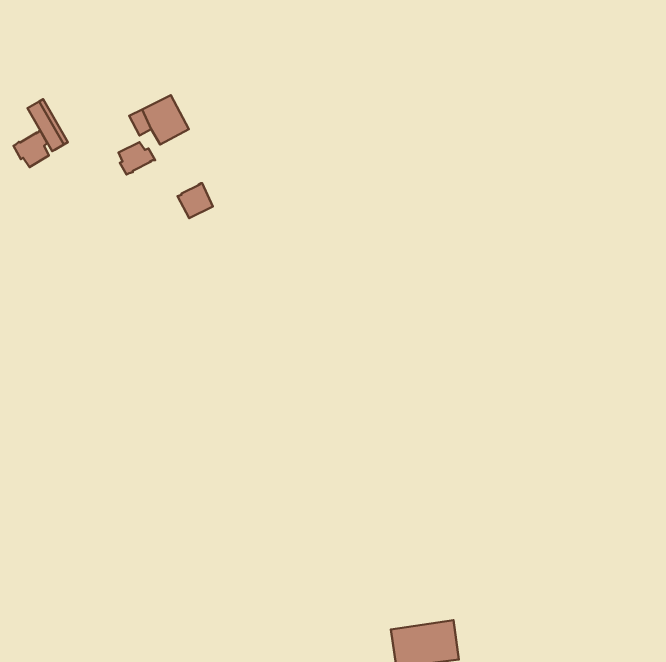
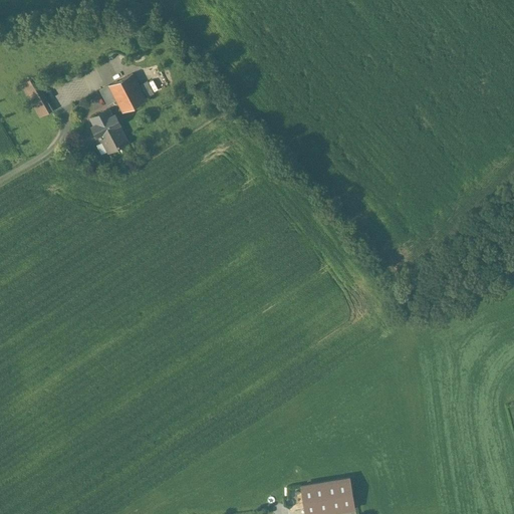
building: [14,130,49,167] -> none
building: [178,183,213,218] -> [99,126,126,154]

